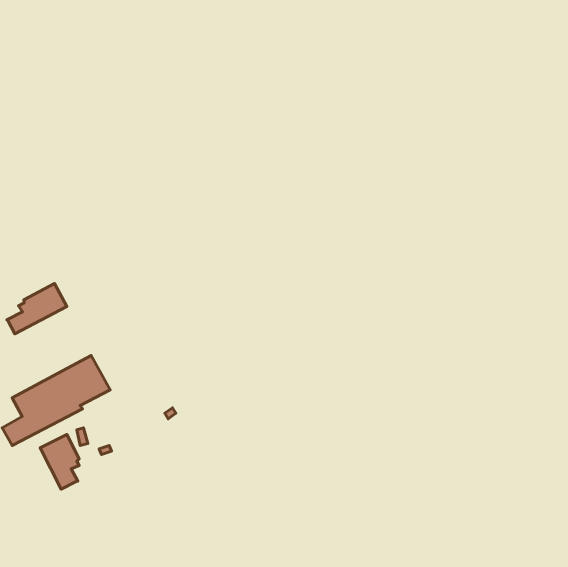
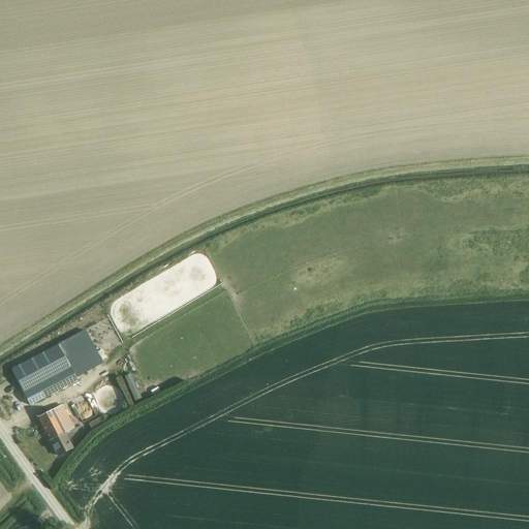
building: [7,283,67,334] -> none

